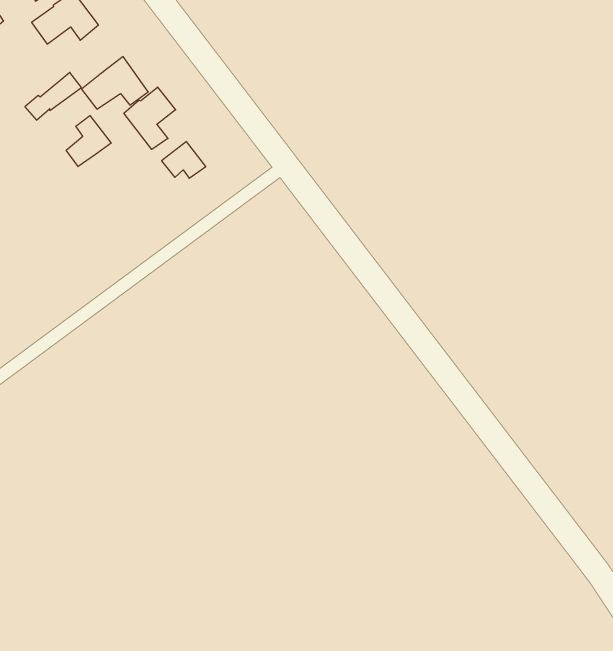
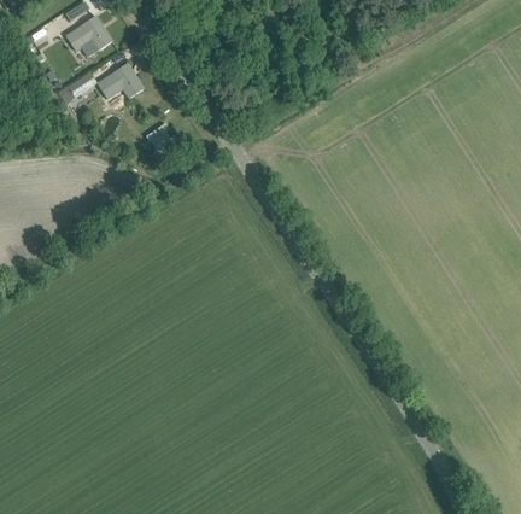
building: [124,87,176,149] -> none
building: [66,116,111,167] -> none

